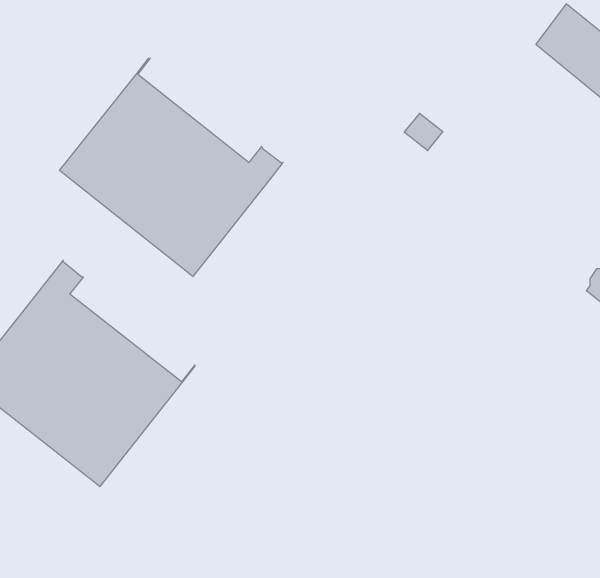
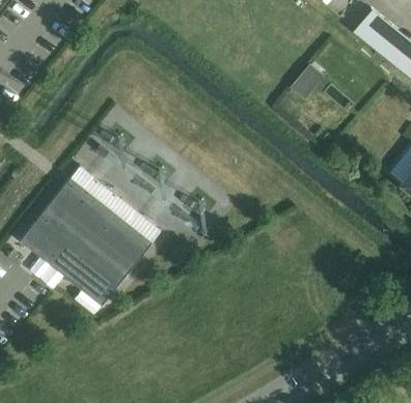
building: [60,58,283,277] -> none

